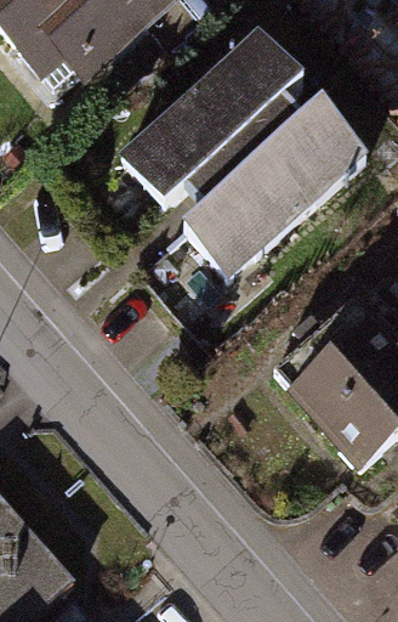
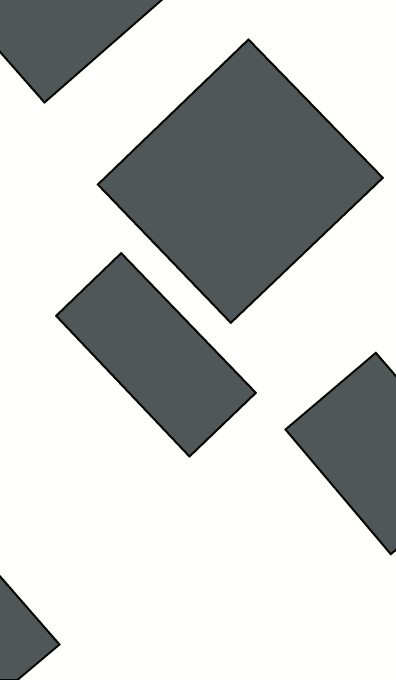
building: none -> [56,253,256,457]

